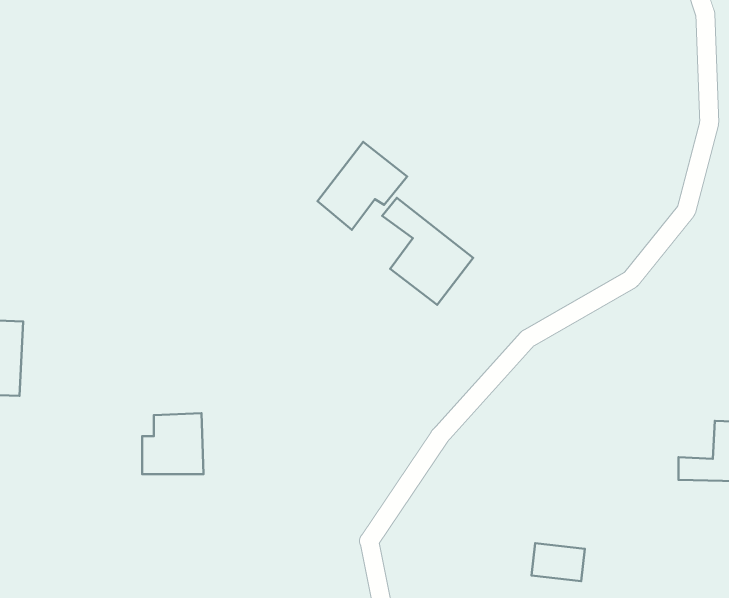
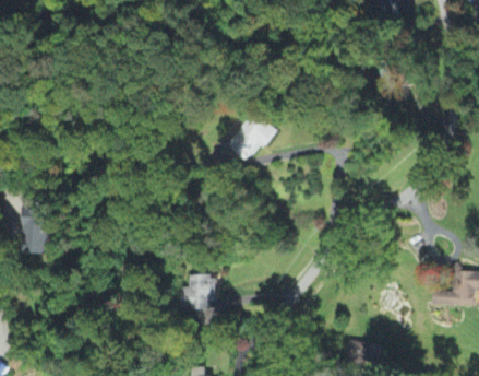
building: [382,198,473,305] -> none
building: [142,413,203,474] -> [179,274,214,309]

